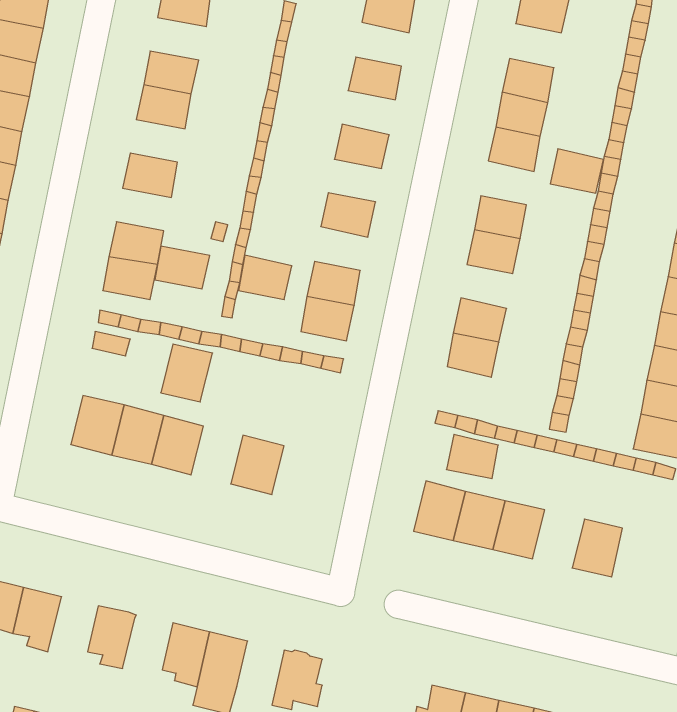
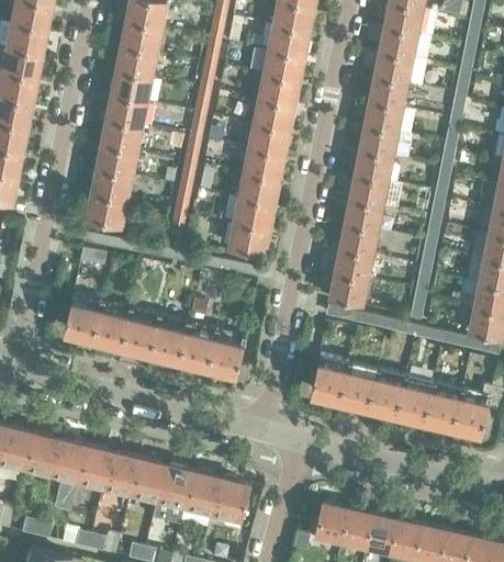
building: none -> [121,24,161,55]
building: none -> [269,27,307,59]
building: none -> [380,29,417,60]
building: none -> [259,77,298,109]
building: none -> [107,98,146,128]
building: [550,149,604,193] -> [359,127,397,159]
building: none -> [249,126,288,157]
building: [155,246,210,289] -> [97,147,136,178]
building: [239,255,292,300] -> [239,175,278,206]
building: none -> [345,202,382,234]
building: [161,344,213,402] -> [150,318,188,360]
building: [446,434,498,479] -> [329,276,367,307]
building: none -> [209,333,246,374]
building: none -> [396,379,434,420]
building: none -> [453,392,490,434]
building: none -> [47,441,83,513]
building: none -> [101,454,137,497]
building: none -> [183,473,217,519]

